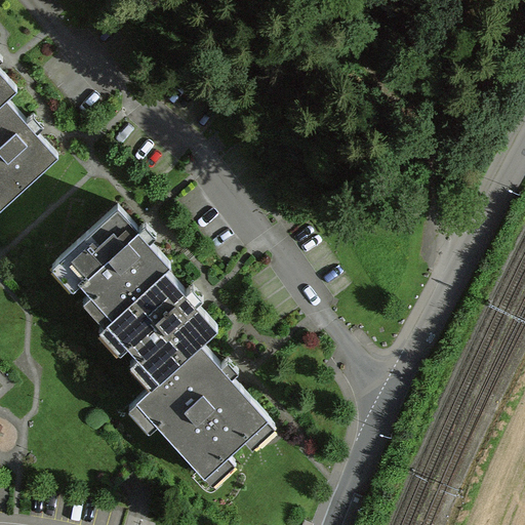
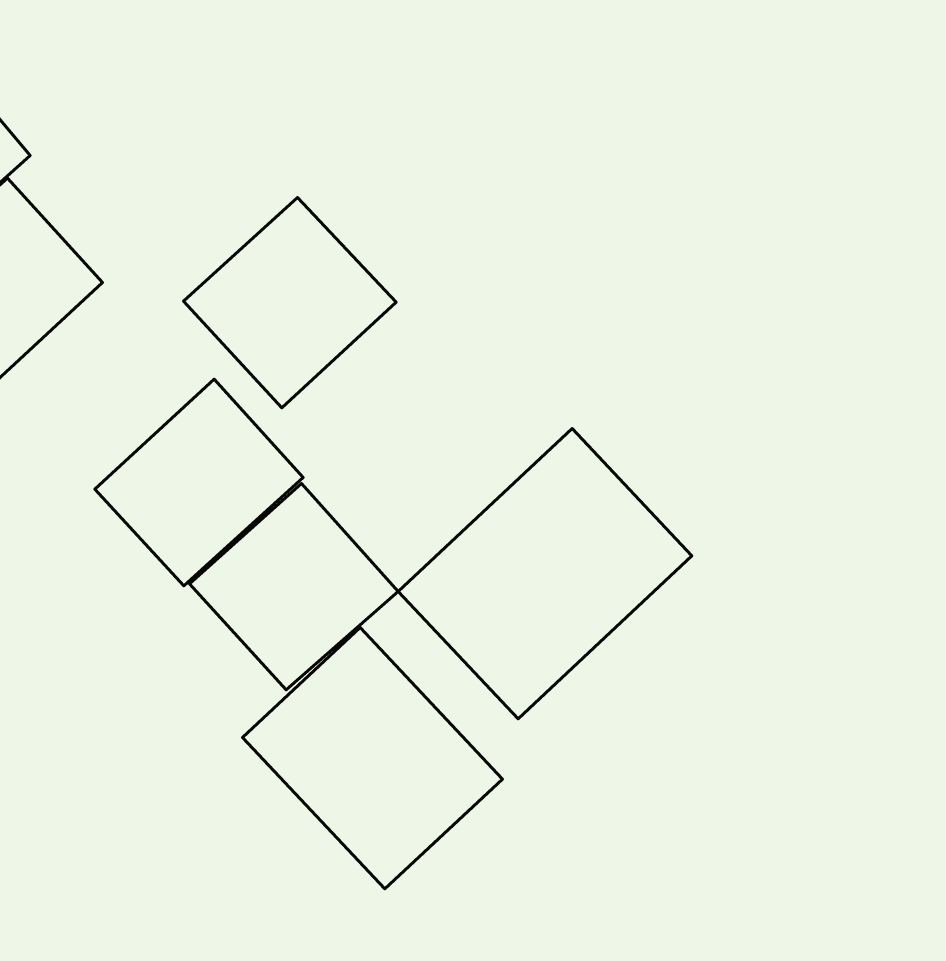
building: none -> [184,198,396,408]
building: none -> [398,428,692,719]

